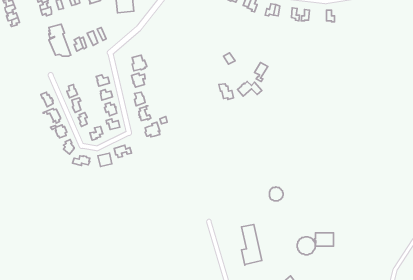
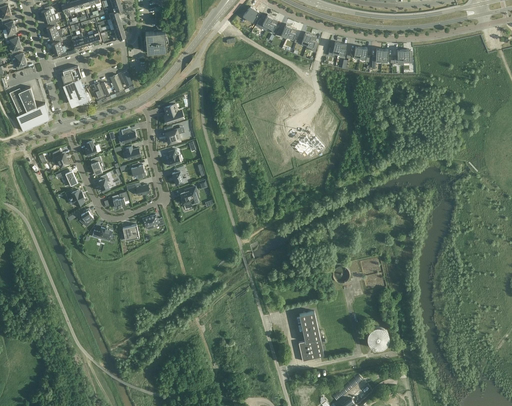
building: none -> [8,88,49,132]
building: [314,233,334,246] -> none

